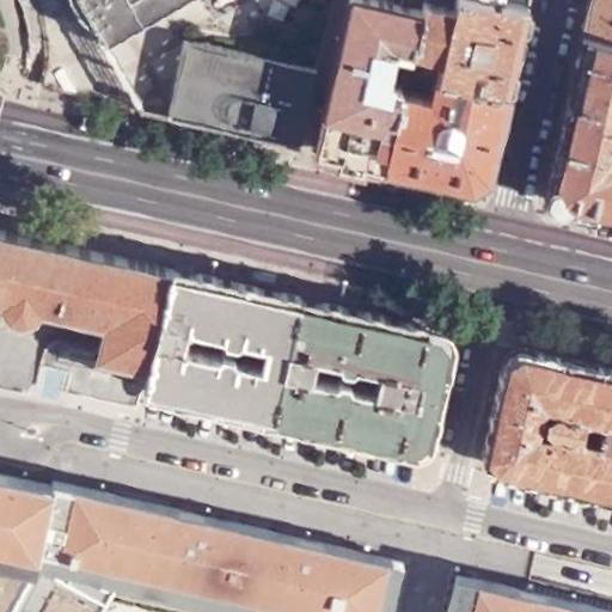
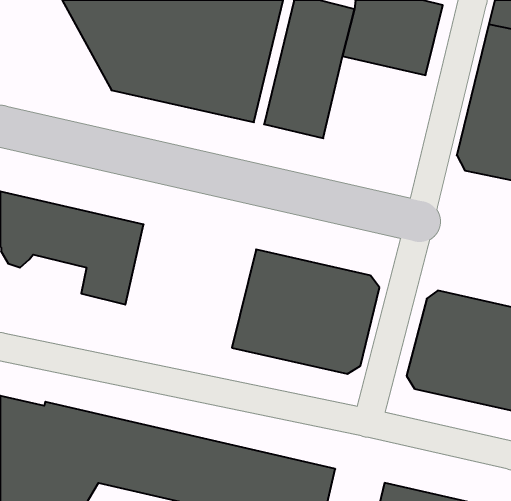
building: [387,80,509,197] -> none
building: [147,281,307,428] -> none

